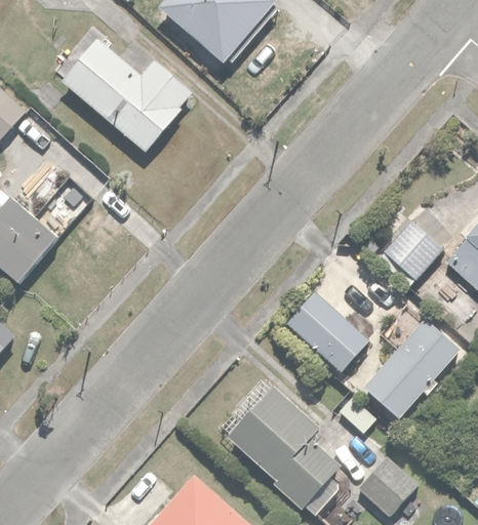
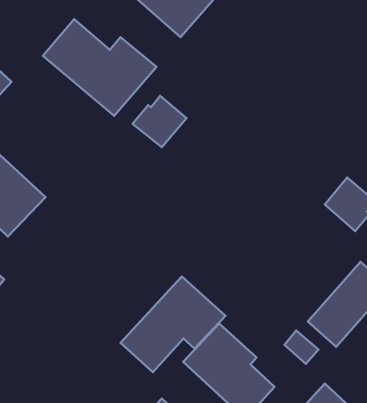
building: none -> [132,96,187,147]
building: [286,288,388,394] -> none
building: none -> [120,276,225,372]

